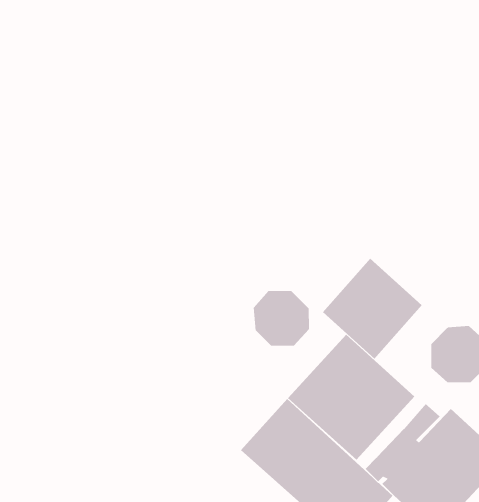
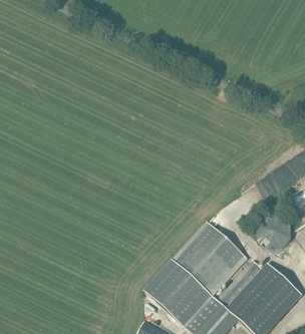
building: [322,258,423,360] -> none
building: [253,290,309,347] -> none

